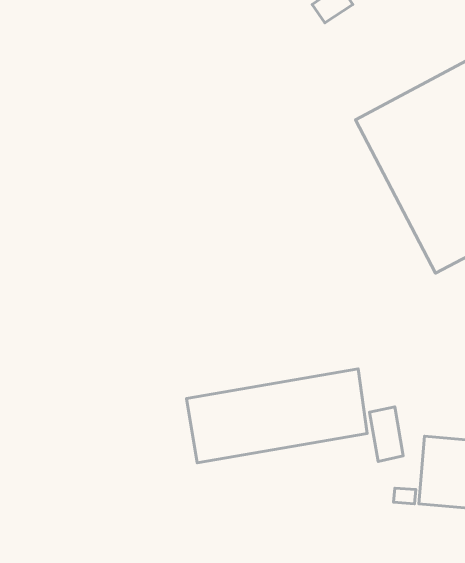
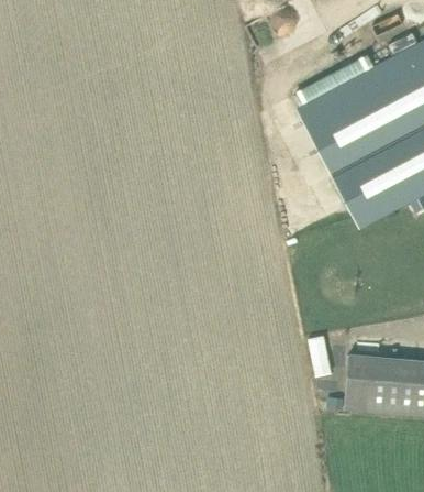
building: [186,369,367,463] -> none

